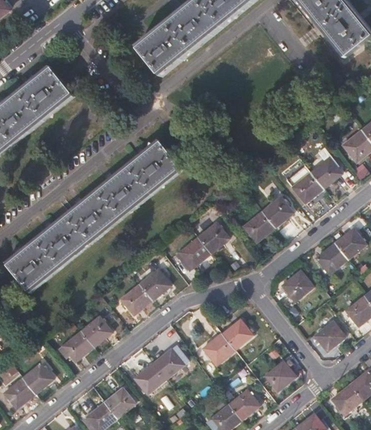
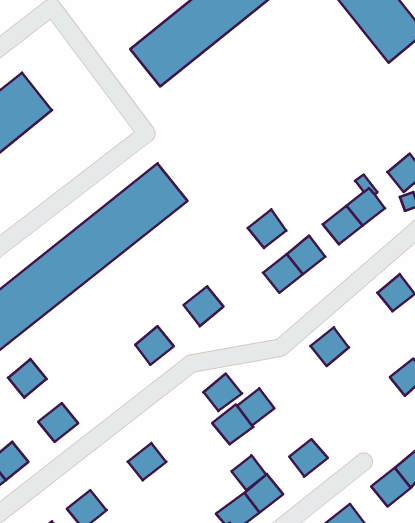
building: [198,222,229,253] -> [248,209,286,248]
building: [316,242,347,272] -> none
building: [121,284,152,315] -> none
building: [81,316,112,347] -> [8,359,47,398]
building: [314,320,345,350] -> none
building: [153,348,184,378] -> [203,374,242,411]
building: none -> [232,455,266,490]
building: [104,387,135,417] -> none

